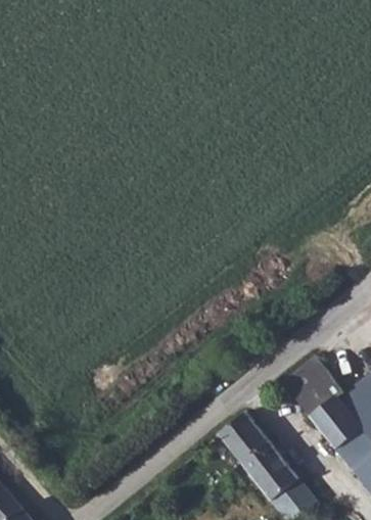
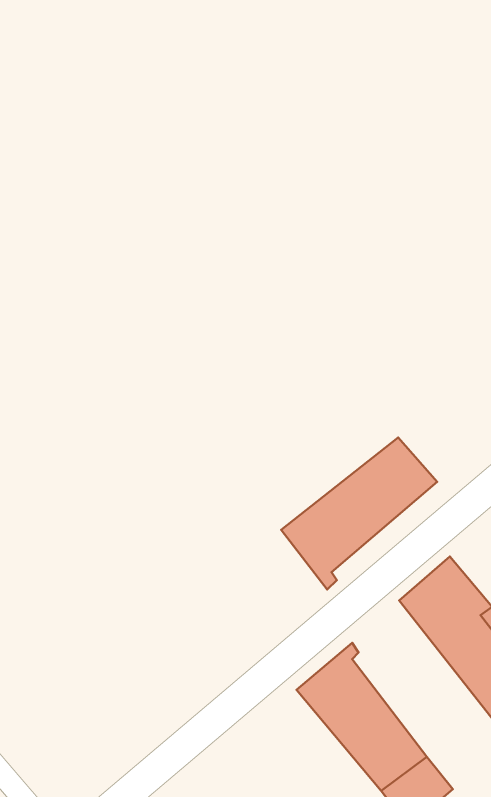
building: none -> [281,438,437,589]

